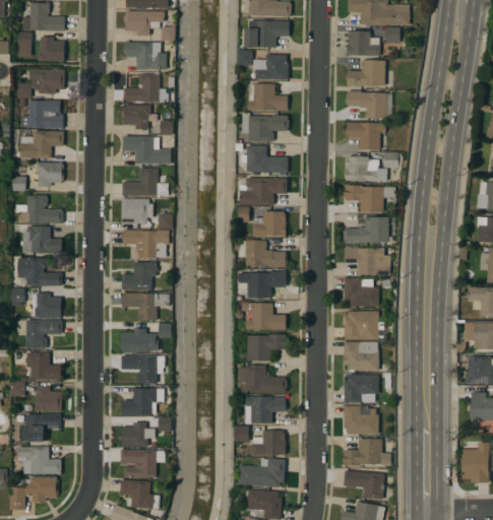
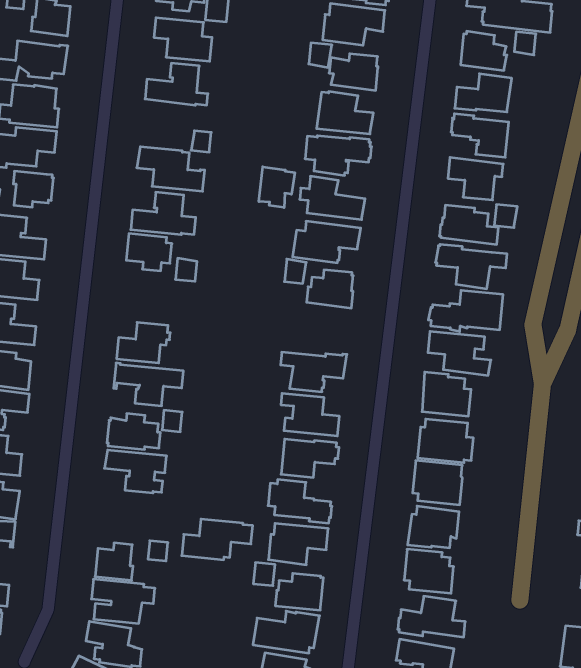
building: [123,105,158,129] -> none
building: none -> [259,167,295,208]
building: [123,230,168,259] -> none
building: [236,240,287,267] -> none
building: [122,388,171,415] -> [182,519,253,560]

